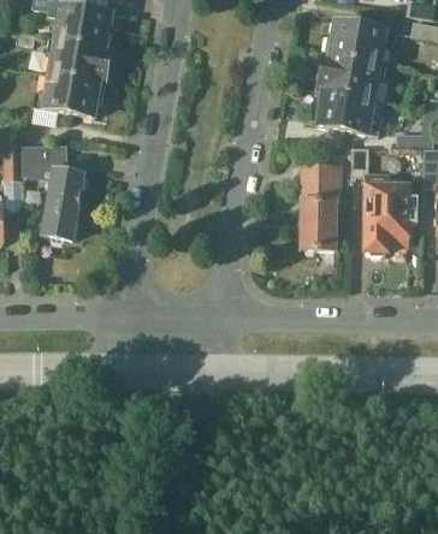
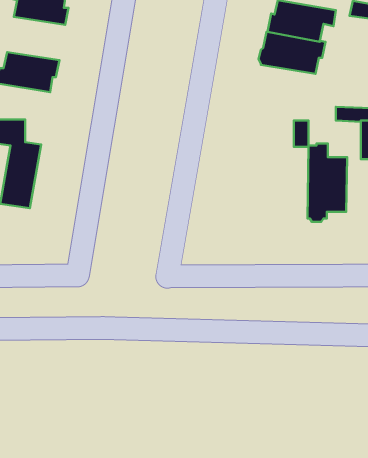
building: [47,36,111,83] -> none
building: [314,88,384,135] -> none
building: [300,164,336,253] -> none

